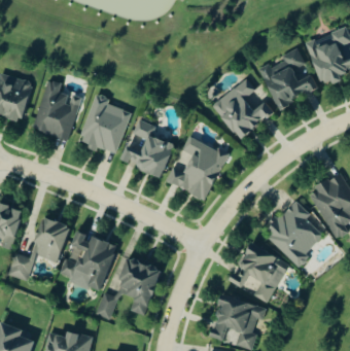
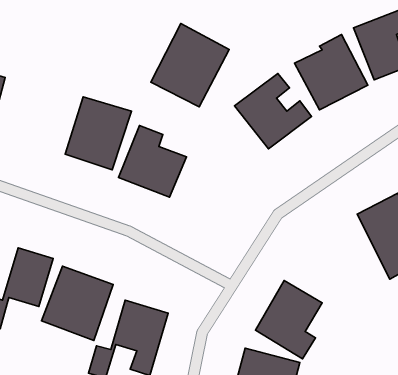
building: [32,80,78,140] -> none
building: [166,135,227,201] -> [151,23,229,107]
building: [262,204,324,270] -> none

